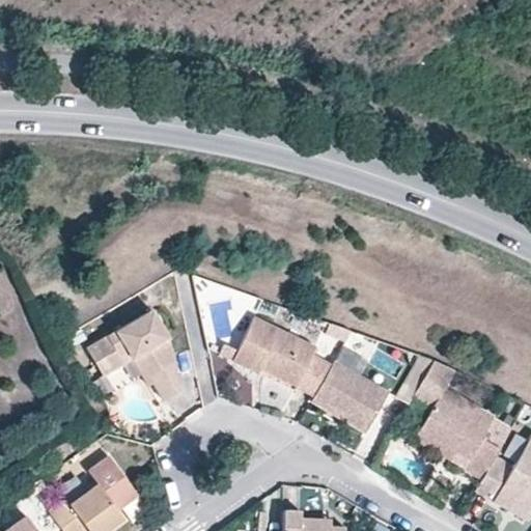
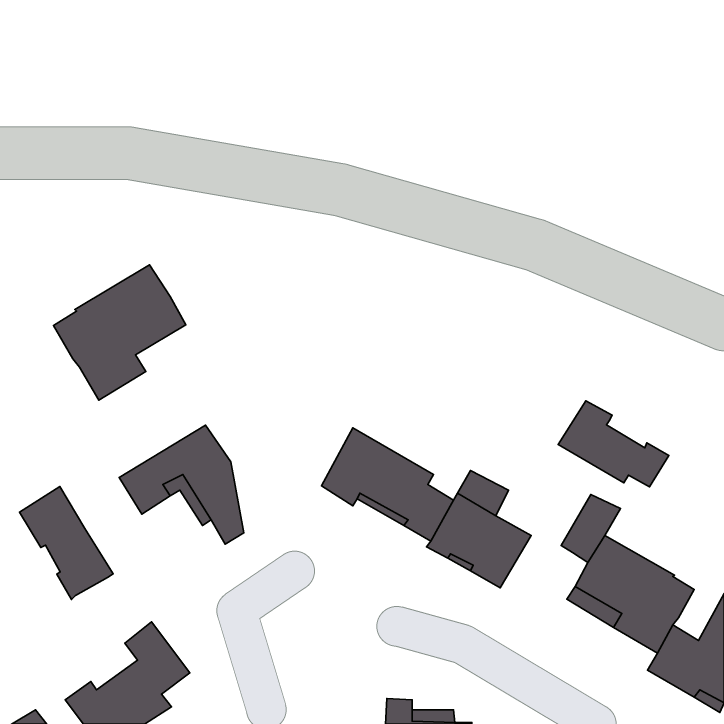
building: none -> [53,265,186,400]
building: none -> [558,401,669,487]
building: none -> [20,486,113,599]

